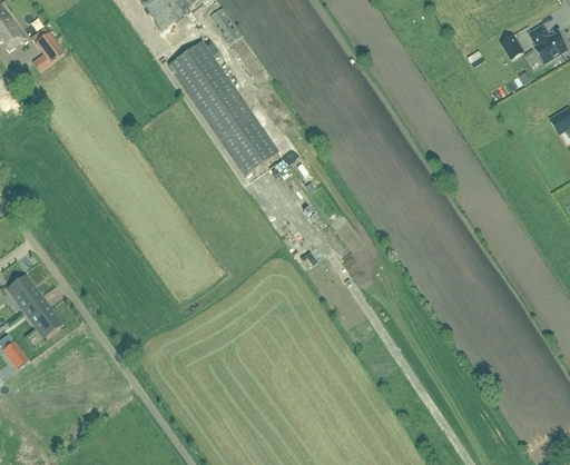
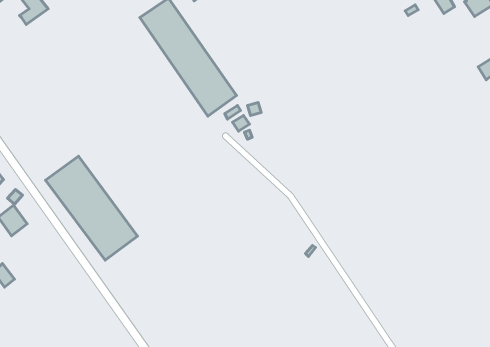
building: none -> [45,156,137,260]
building: [23,296,61,336] -> none

